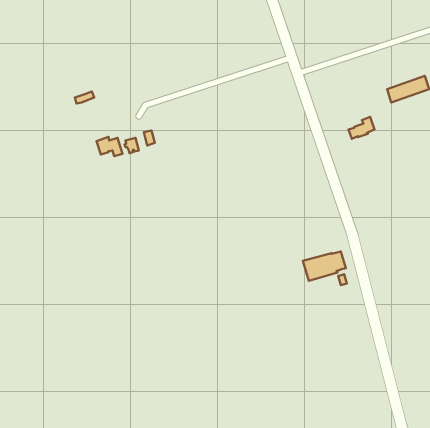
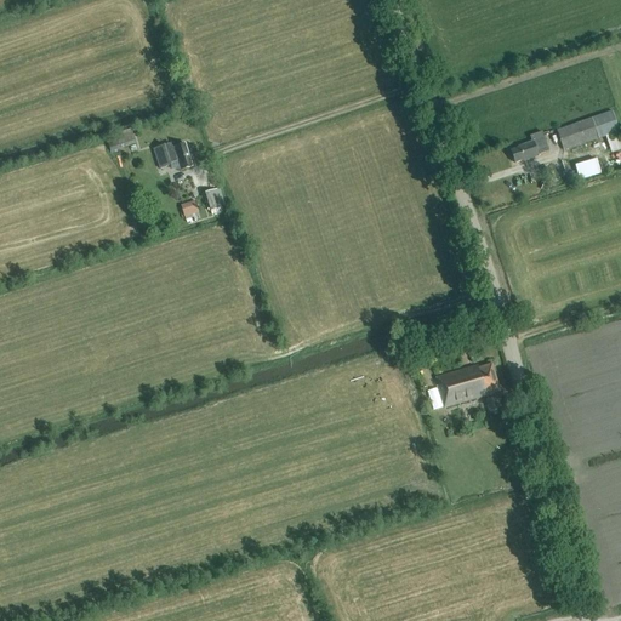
building: [348,117,375,139] -> [511,130,548,161]
building: [97,137,123,156] -> [154,141,192,169]

